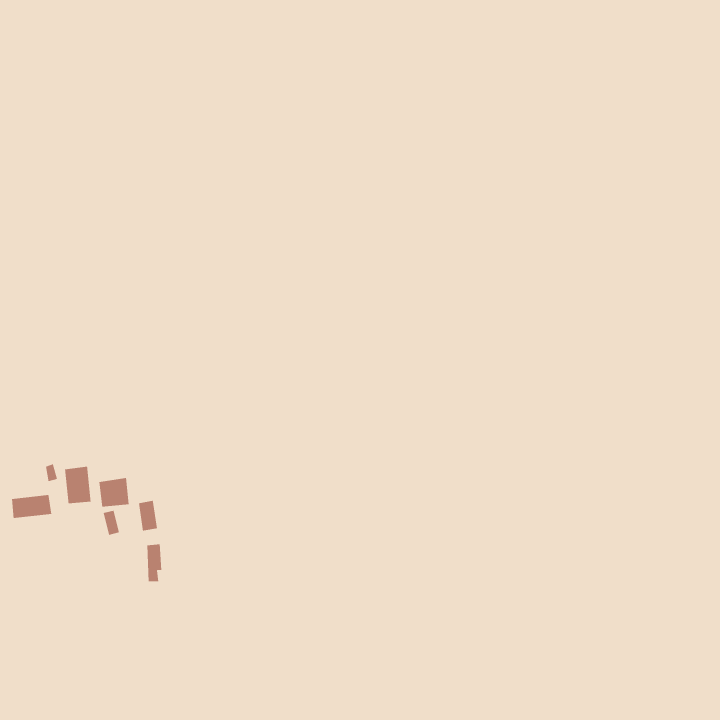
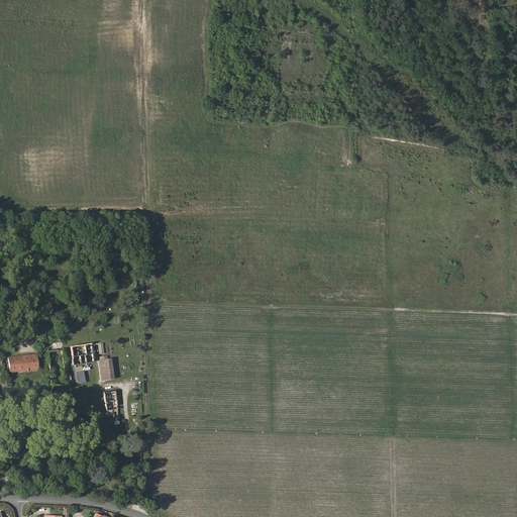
building: [65,466,91,504] -> none

